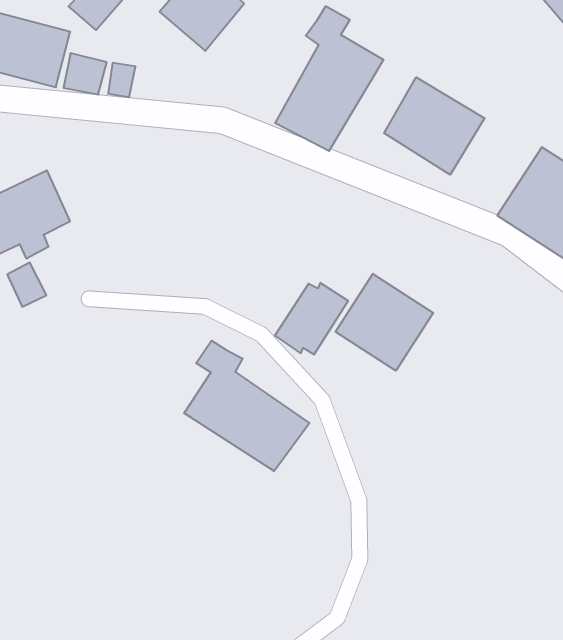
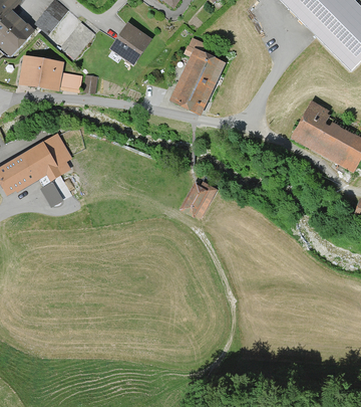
building: [384,77,485,175] -> none
building: [336,274,433,371] -> none
building: [184,341,310,471] -> none

